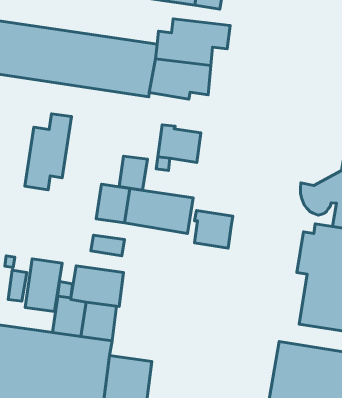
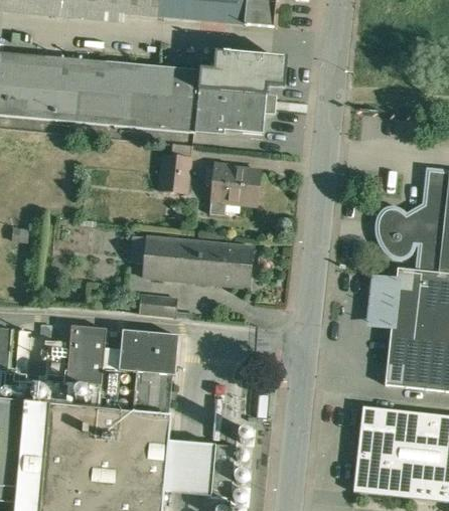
building: [25,114,71,190] -> none
building: [119,156,148,190] -> [158,155,189,193]
building: [194,210,233,248] -> none

